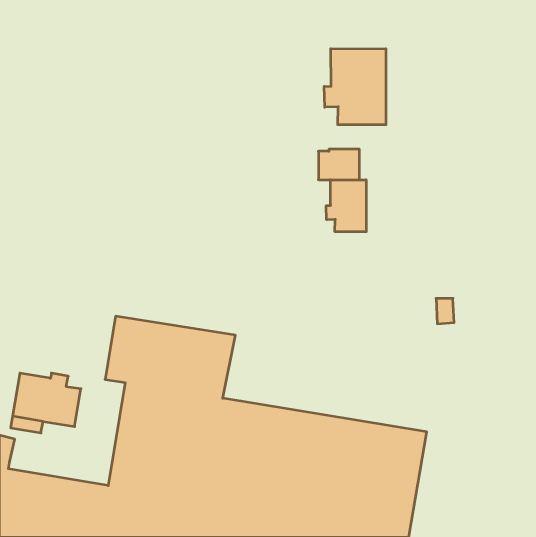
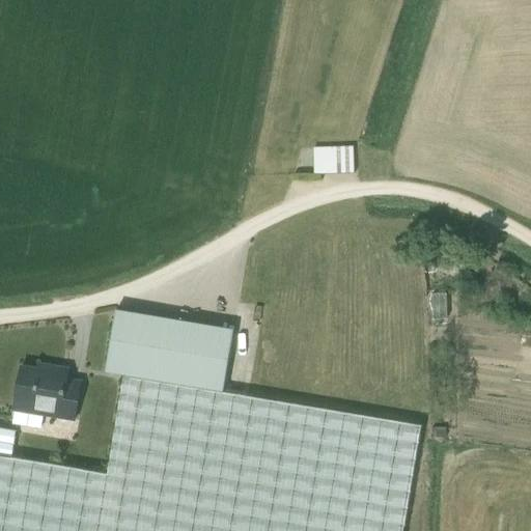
building: [324,49,386,125] -> none
building: [326,180,366,232] -> none

